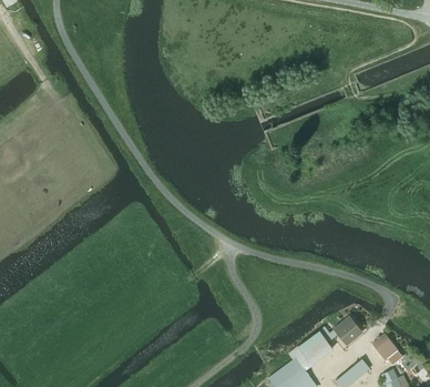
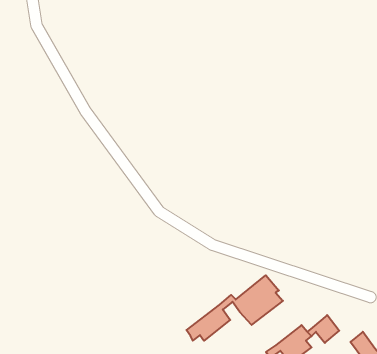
building: none -> [186,275,283,341]

